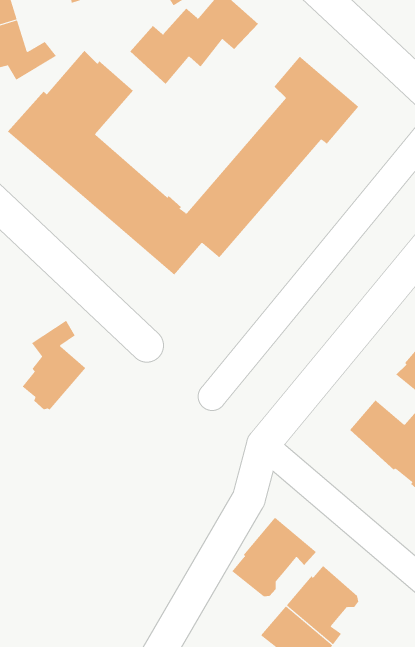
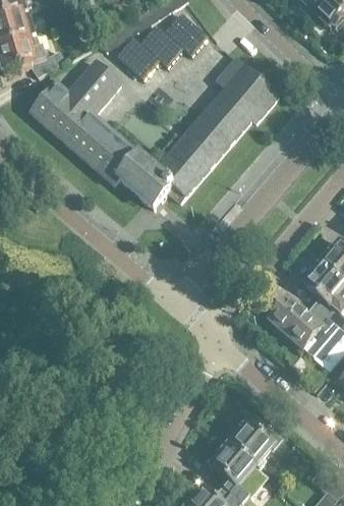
building: [22,320,86,410] -> none
building: [232,517,317,597] -> none

